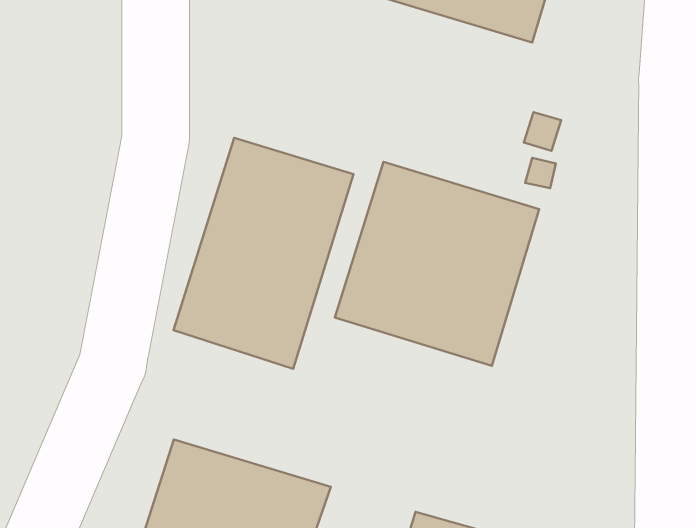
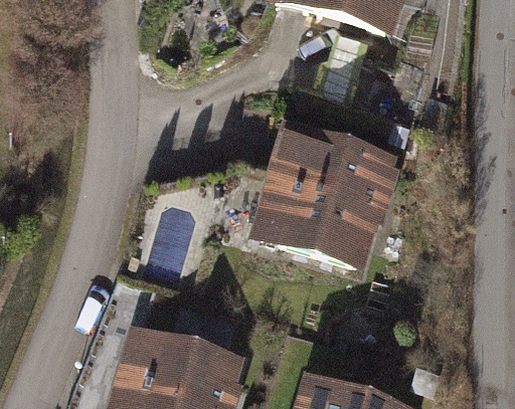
building: [174,138,353,369] -> none

